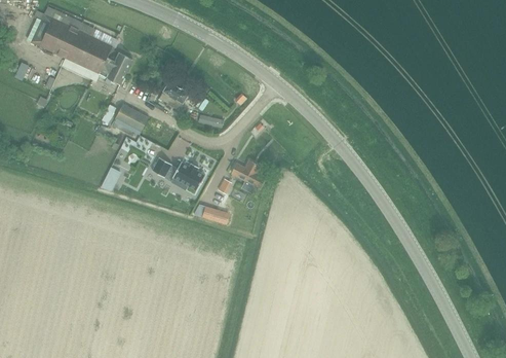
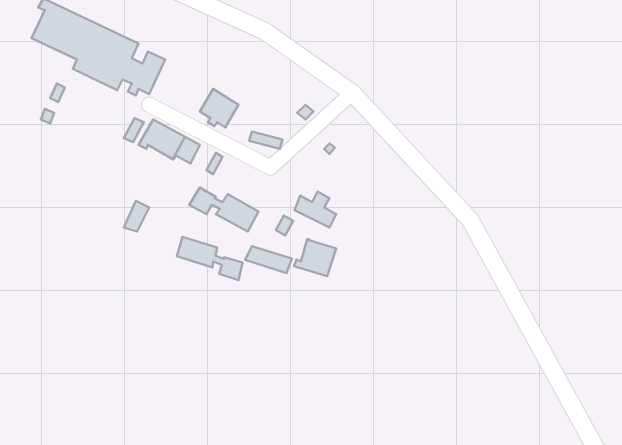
building: none -> [177,237,242,280]
building: none -> [294,239,336,276]

